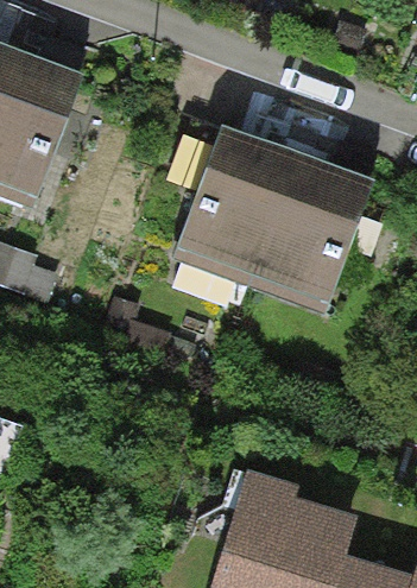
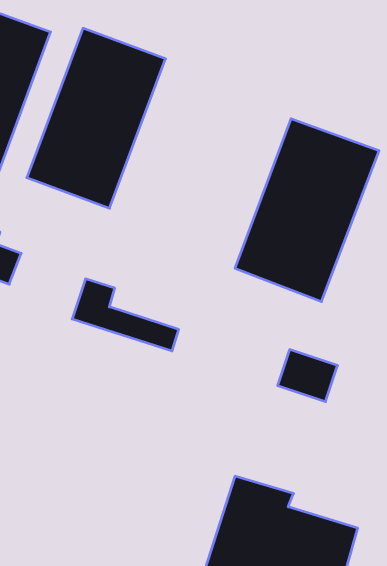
building: [172,126,296,286] -> [27,28,166,208]

